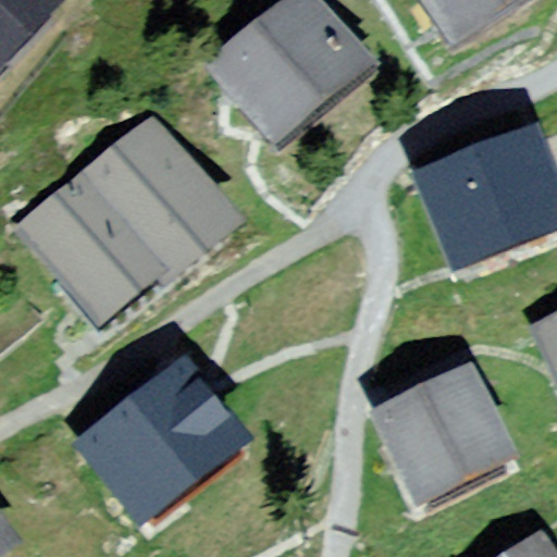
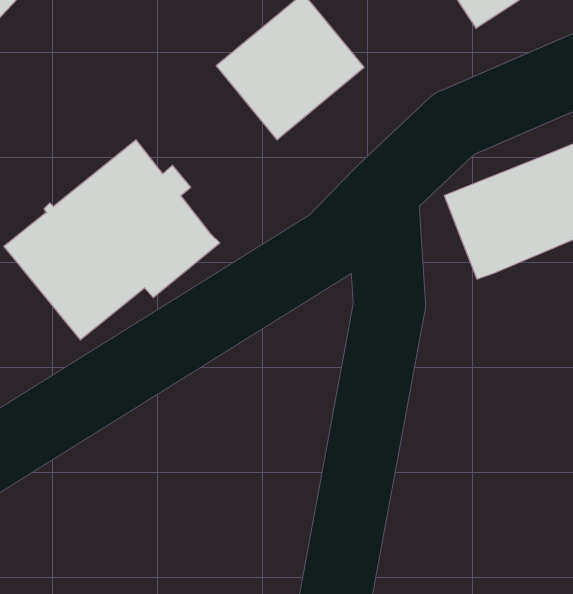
building: [89,341,232,509] -> none
building: [384,377,498,491] -> none

